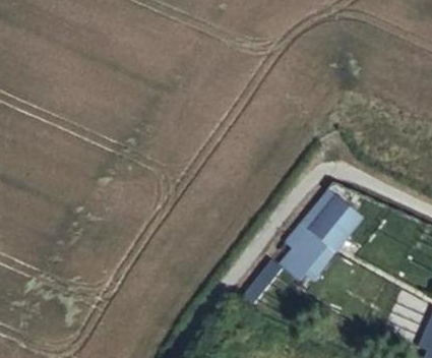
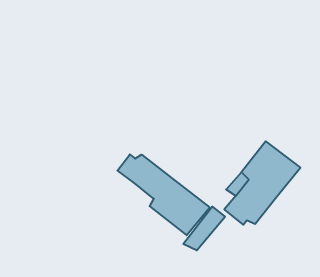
building: none -> [117,154,210,235]

